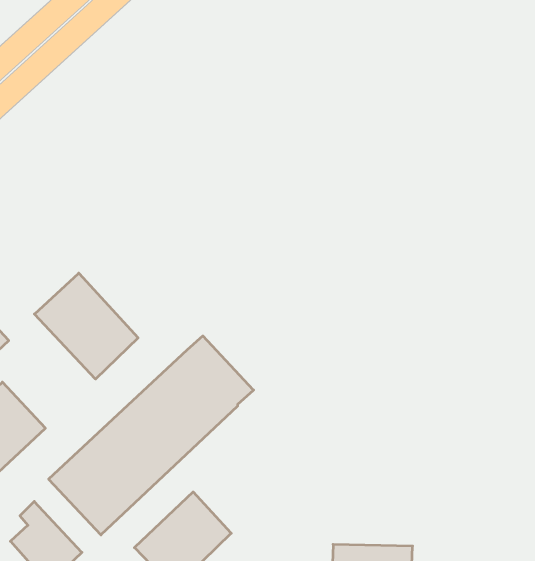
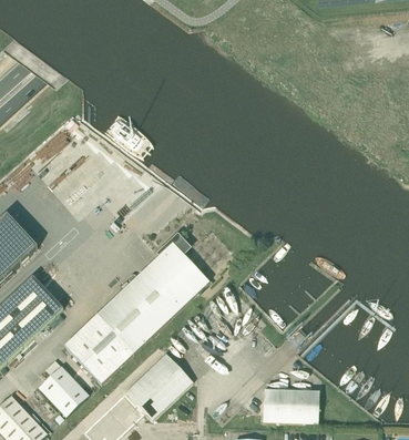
building: [34,273,138,379] -> none

